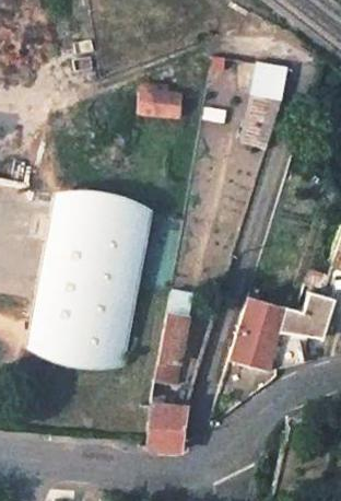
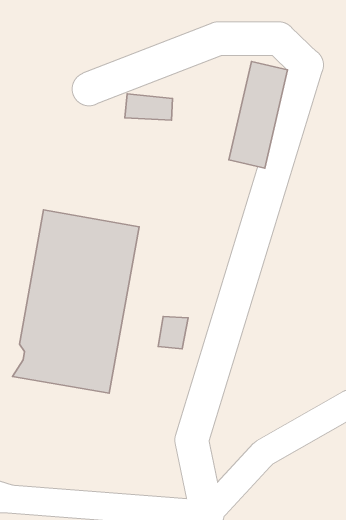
building: [228,292,333,372] -> none
building: [156,322,189,385] -> none
building: [145,396,188,452] -> none

